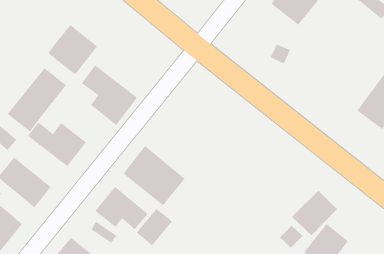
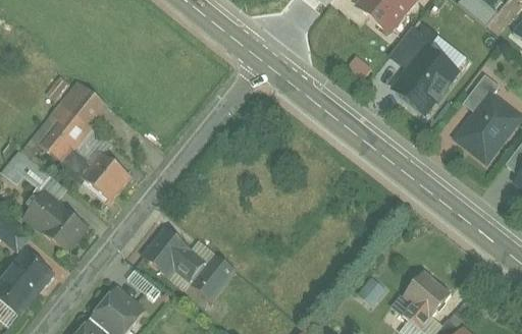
building: none -> [389,23,471,116]
building: [48,24,98,75] -> none
building: [81,65,138,126] -> none
building: [123,145,186,206] -> none
building: [291,190,338,236] -> none

